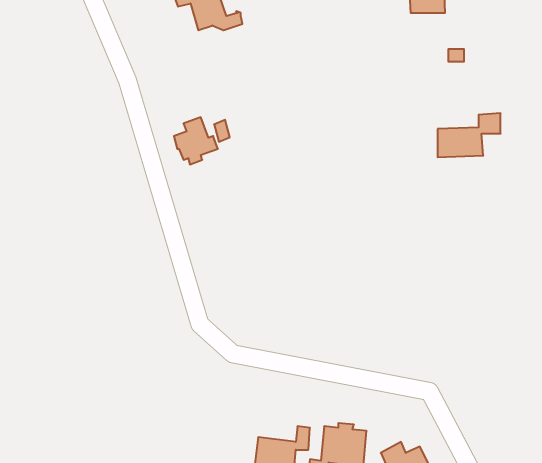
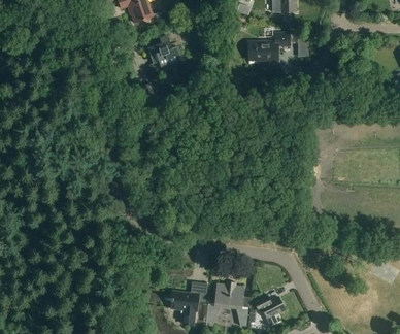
building: [438,113,501,157] -> [248,32,290,61]
building: [174,117,218,164] -> [149,35,178,66]

